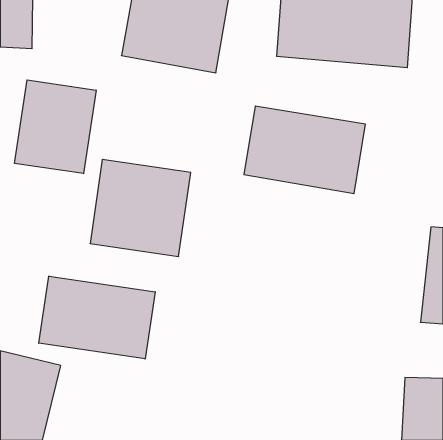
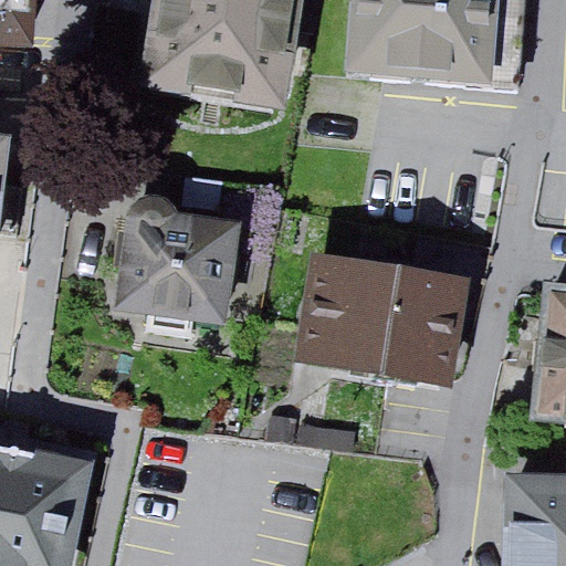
building: [15,80,96,174] -> none
building: [244,106,365,194] -> [302,259,457,370]
building: [39,276,155,359] -> none

